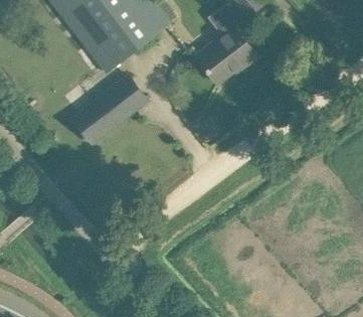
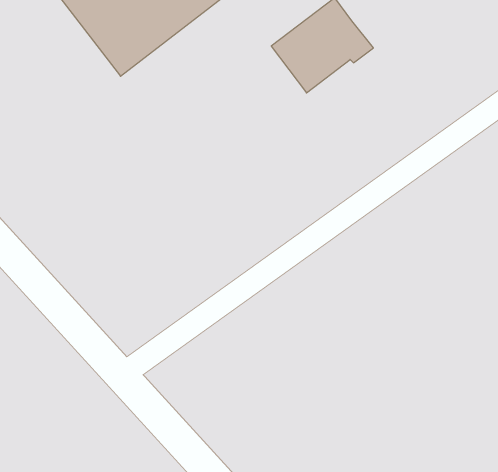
building: [72,76,148,145] -> none

